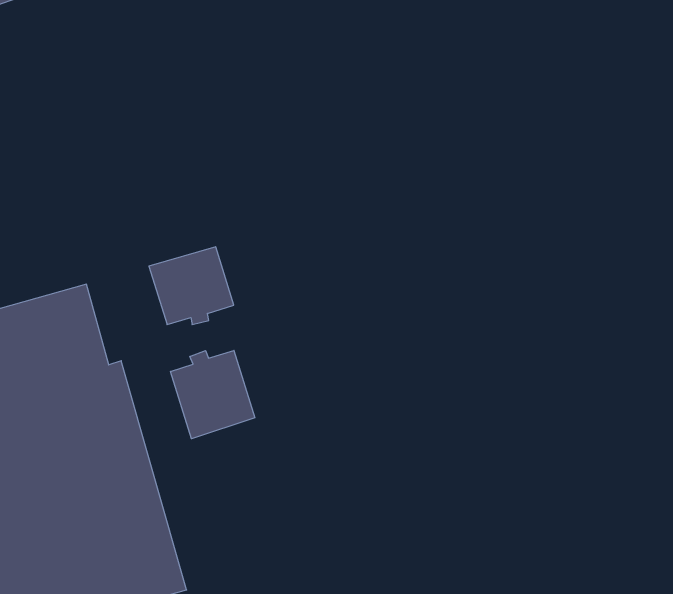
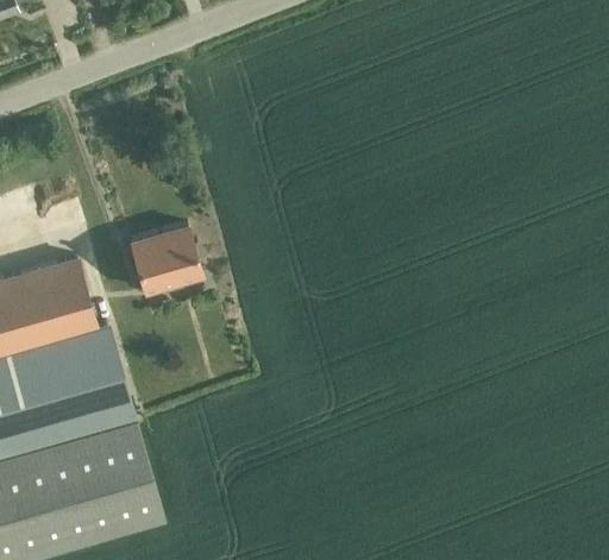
building: [171,350,255,439] -> none

